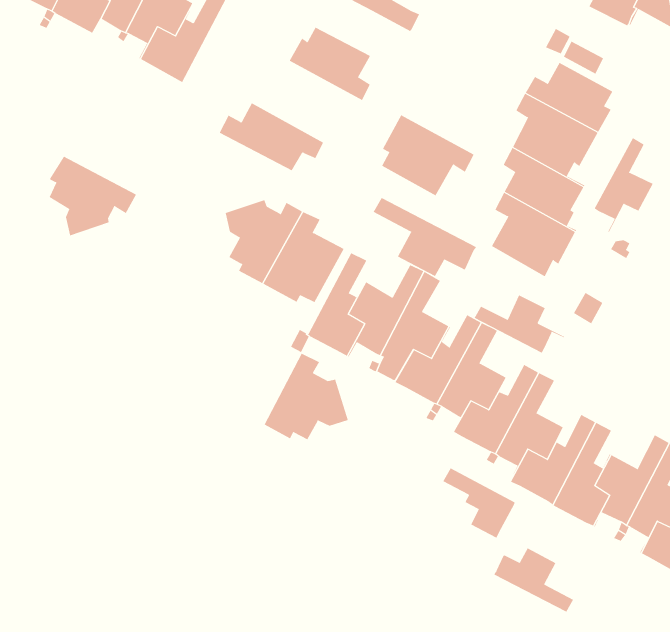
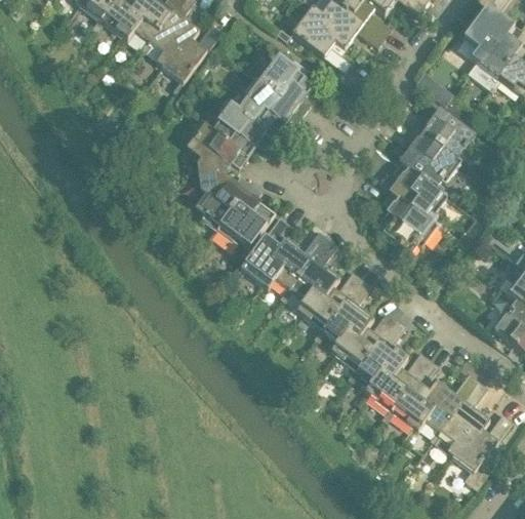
building: [364,115,475,196] -> [227,78,302,137]
building: [594,137,653,233] -> none
building: [49,156,137,236] -> [187,120,247,175]
building: [373,197,483,279] -> none
building: [474,294,565,354] -> none
building: [264,353,348,440] -> none
building: [443,467,516,539] -> none
building: [490,548,574,612] -> none

